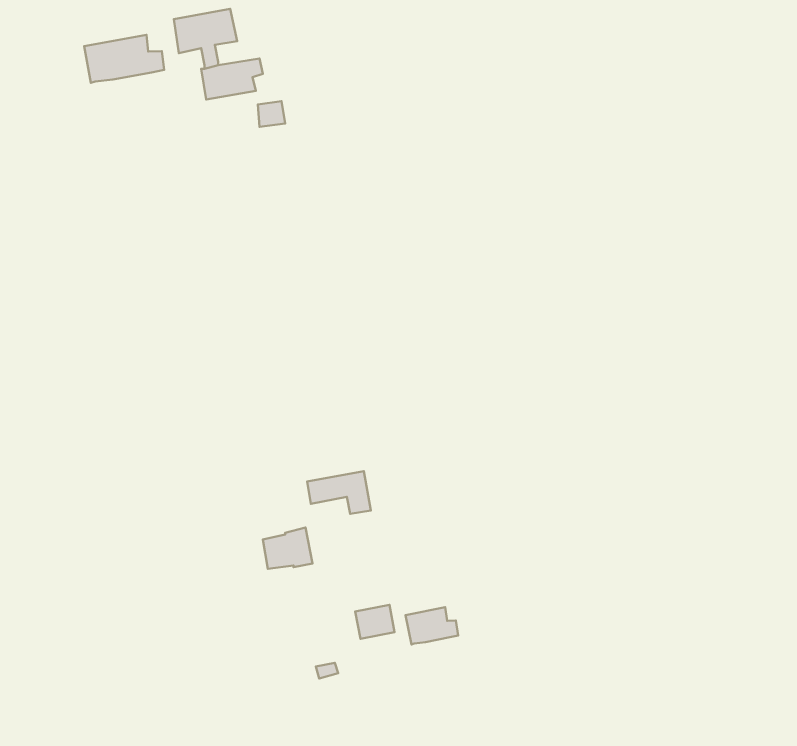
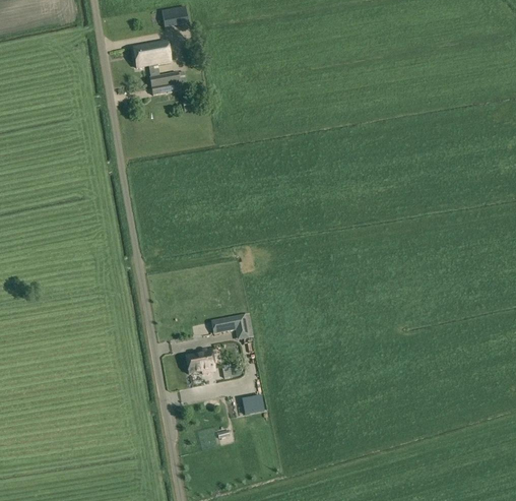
building: [84,35,164,83] -> none
building: [405,607,458,645] -> none

